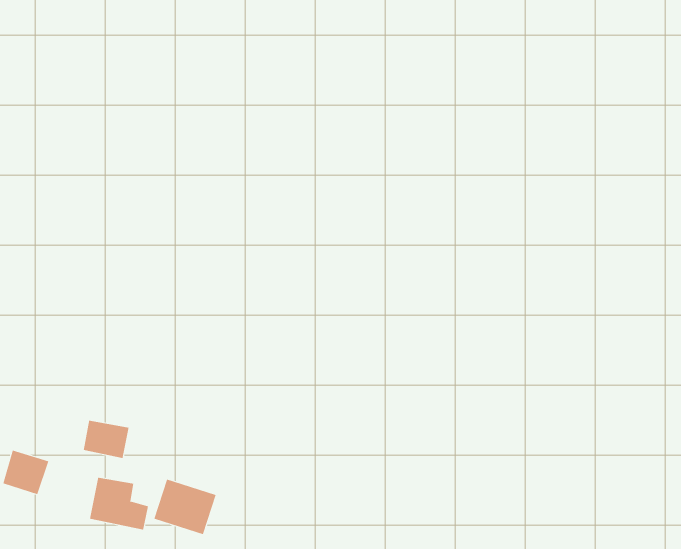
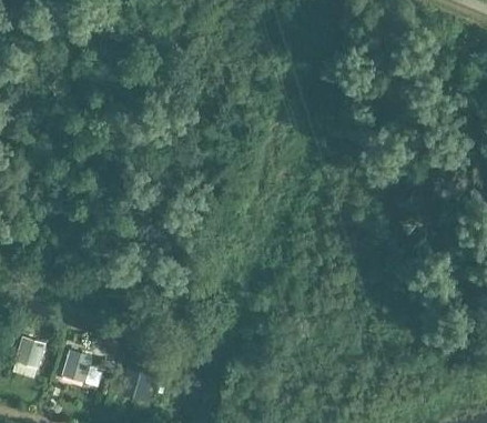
building: [83,420,129,459] -> none

